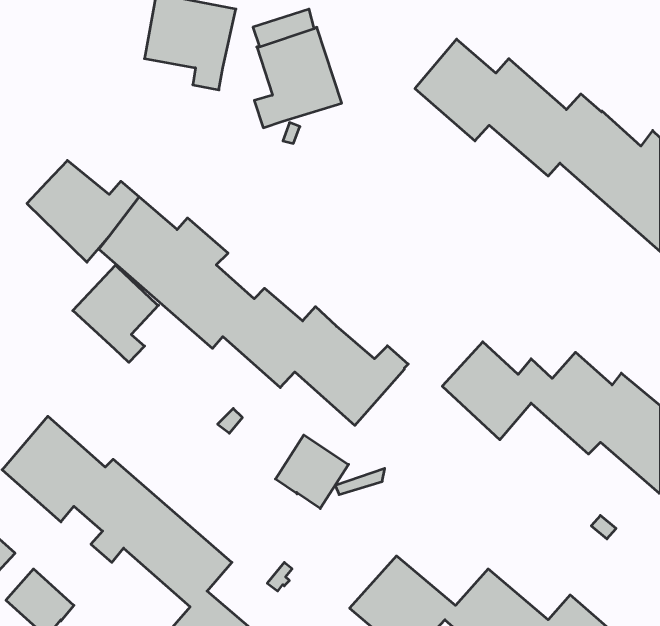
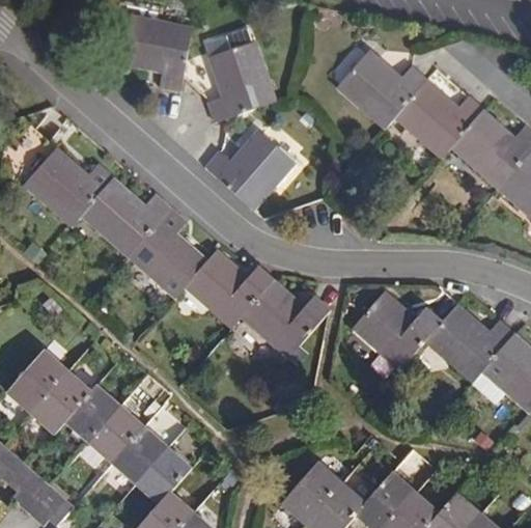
building: none -> [205,131,295,212]
building: [73,265,159,362] -> none
building: [275,435,349,509] -> none

